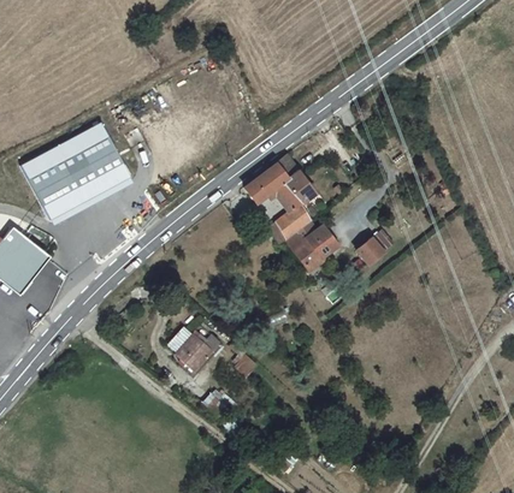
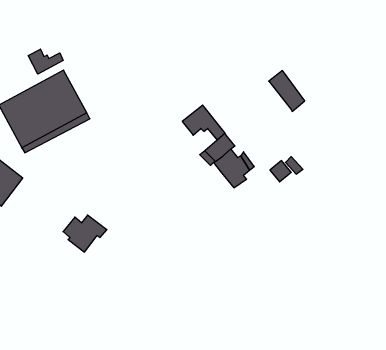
building: none -> [28,49,63,74]
building: [271,154,315,204] -> [269,71,305,111]
building: [165,322,219,368] -> [63,215,107,252]

